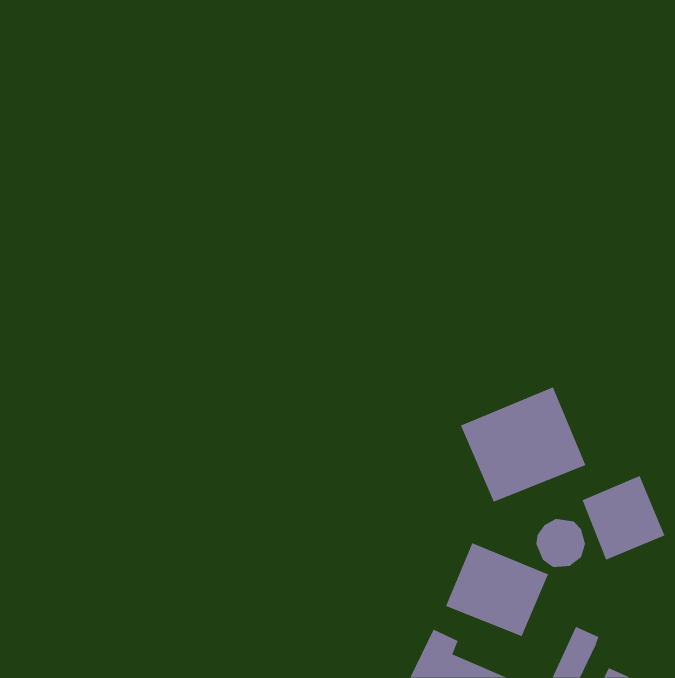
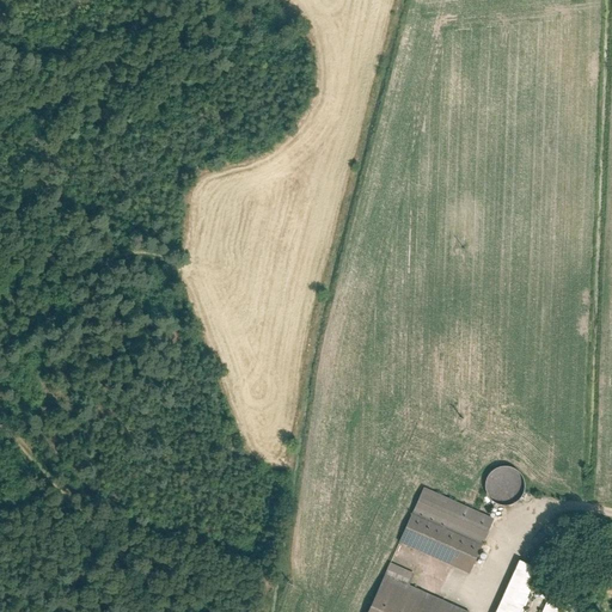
building: [460,387,586,503] -> none
building: [582,475,665,561] -> none

